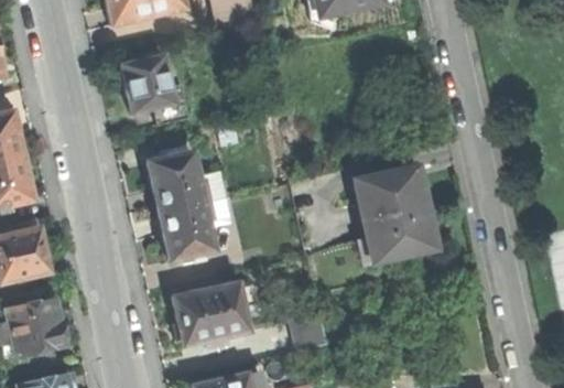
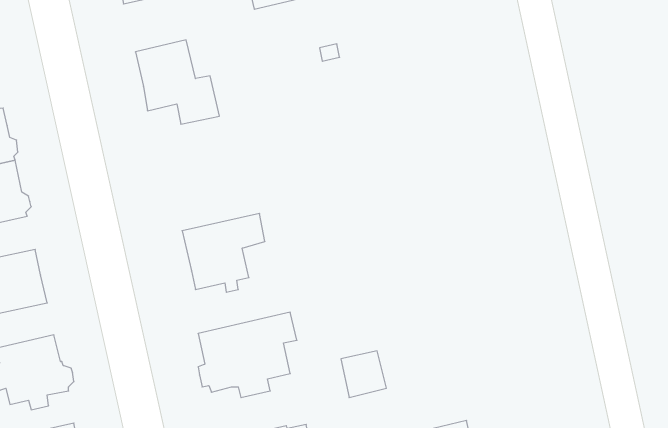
building: [148,144,223,212] -> none
building: [354,165,434,260] -> none

